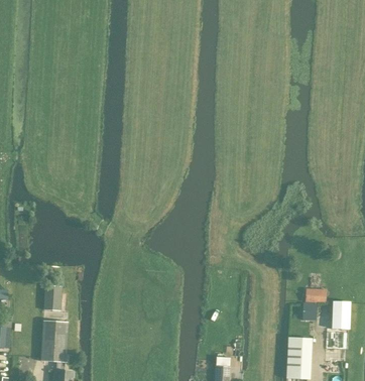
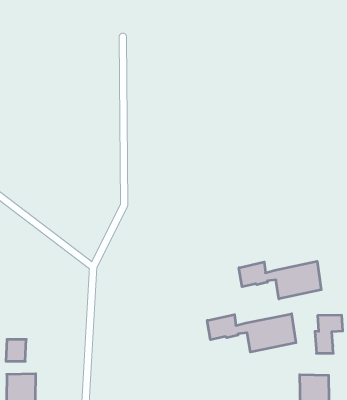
building: none -> [239,261,321,299]
building: none -> [207,314,296,352]

